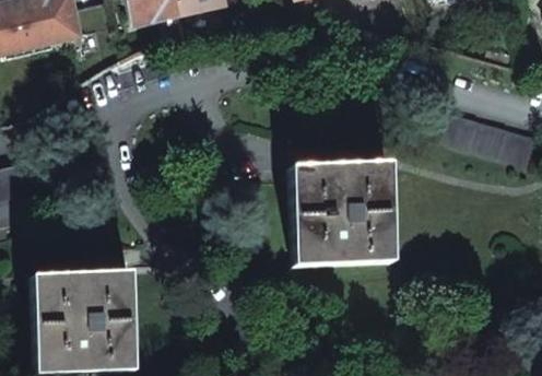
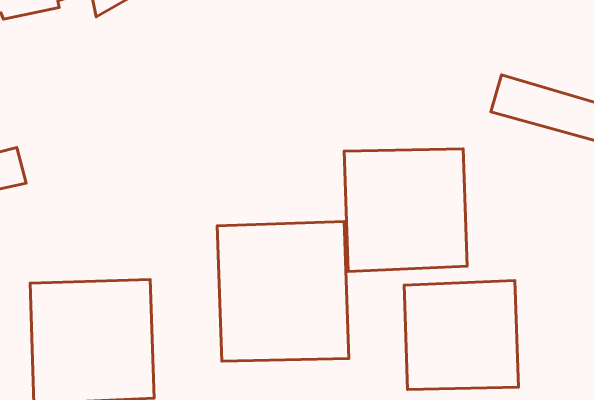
building: none -> [217,222,349,361]
building: none -> [404,280,519,389]

